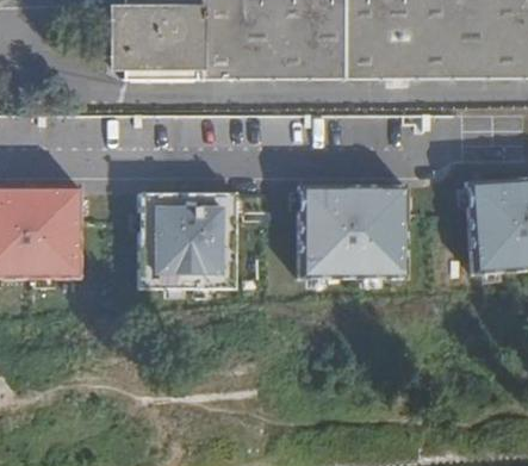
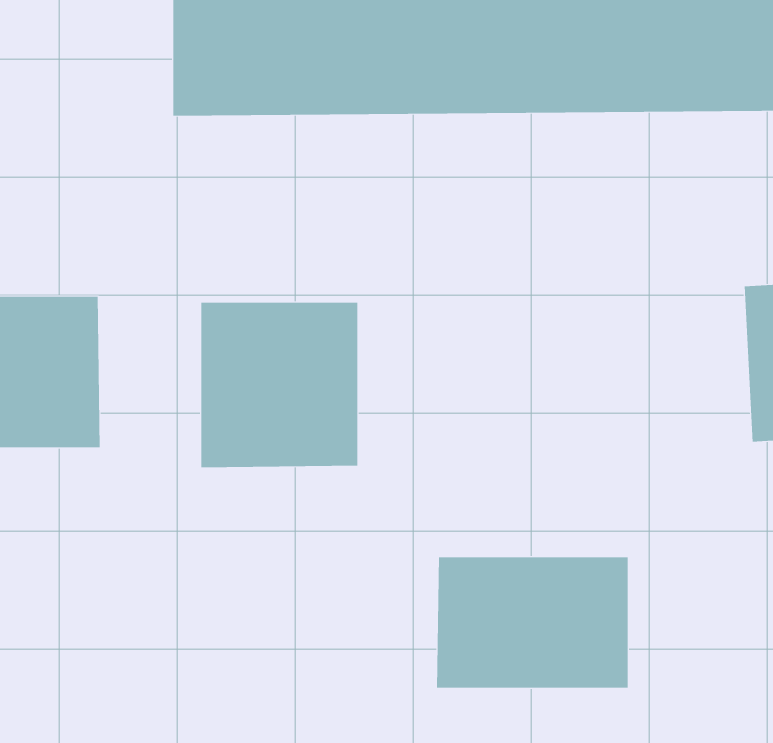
building: [296,182,406,278] -> none
building: none -> [436,557,628,689]

